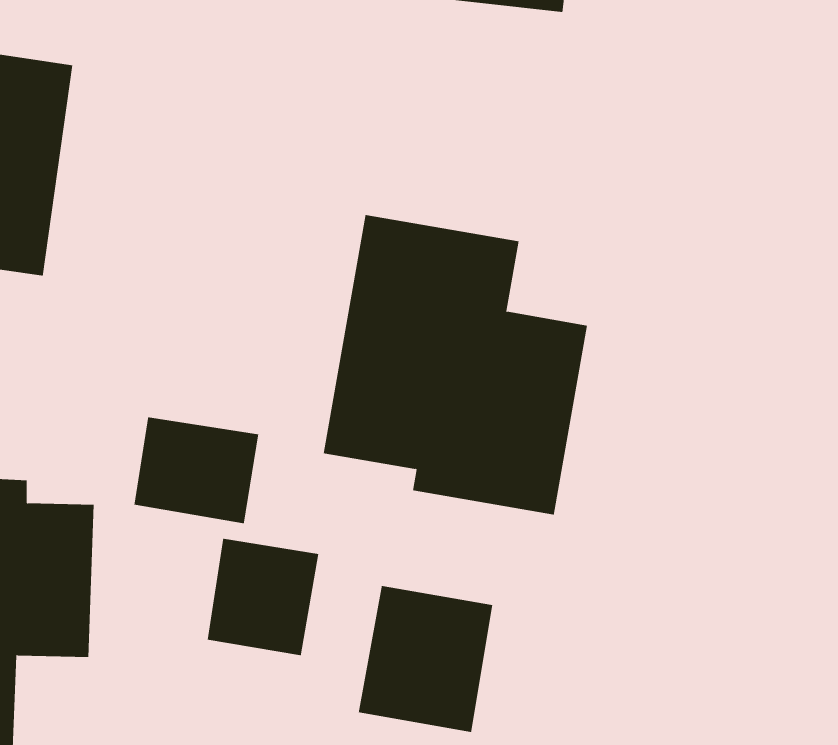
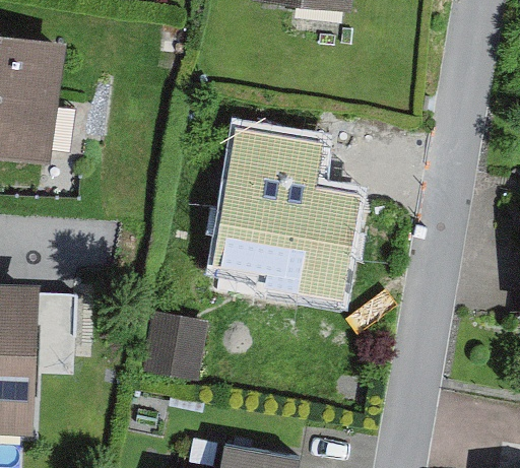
building: [134,416,259,524] -> none
building: [358,585,493,733] -> none

